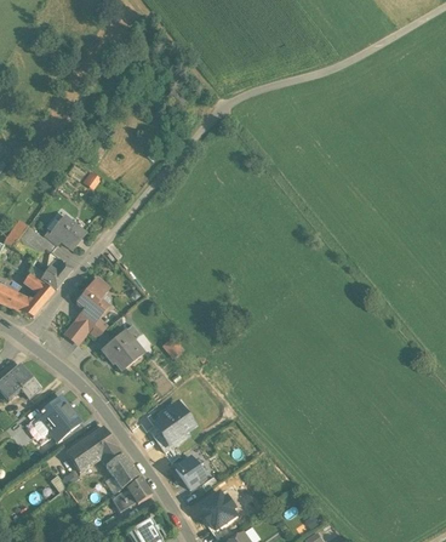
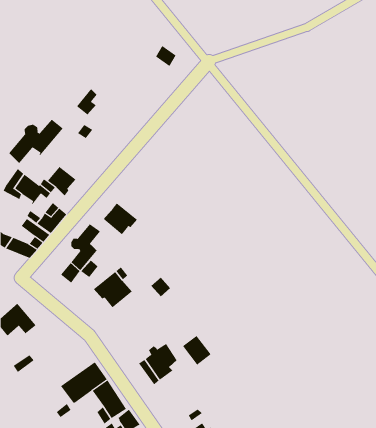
building: none -> [9,119,63,164]
building: none -> [103,202,138,235]
building: [36,394,81,439] -> none
building: [175,456,206,489] -> [182,335,211,366]

